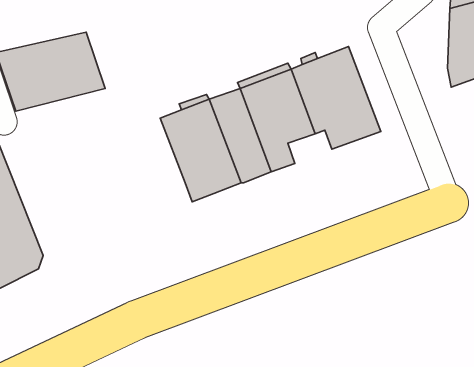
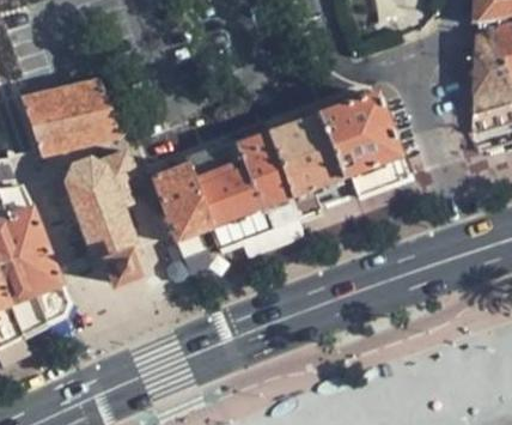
building: none -> [53,148,140,280]
building: none -> [151,163,211,241]

